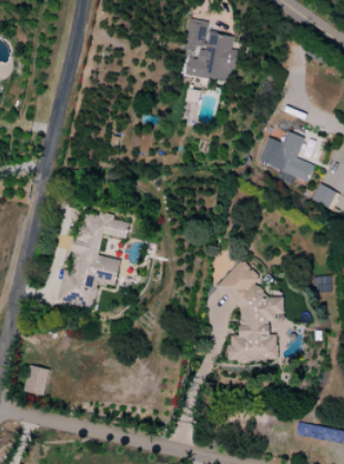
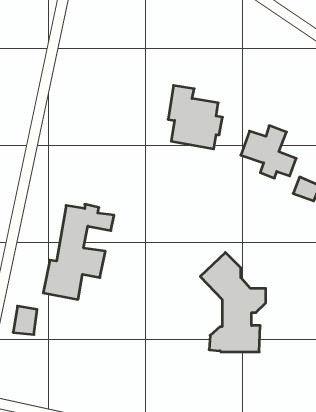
building: [183,18,239,82] -> [168,85,223,149]
building: [24,365,49,394] -> [13,306,37,335]

